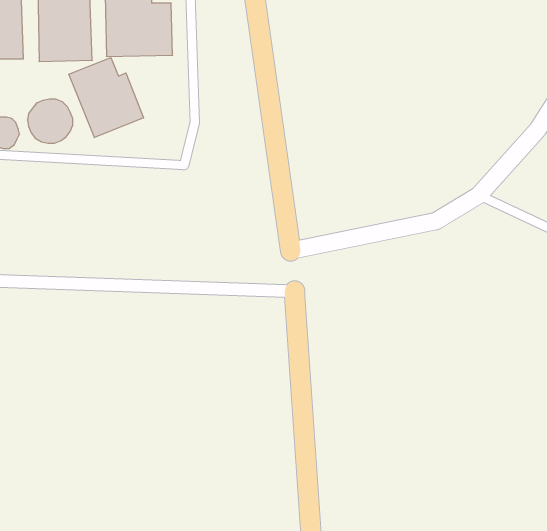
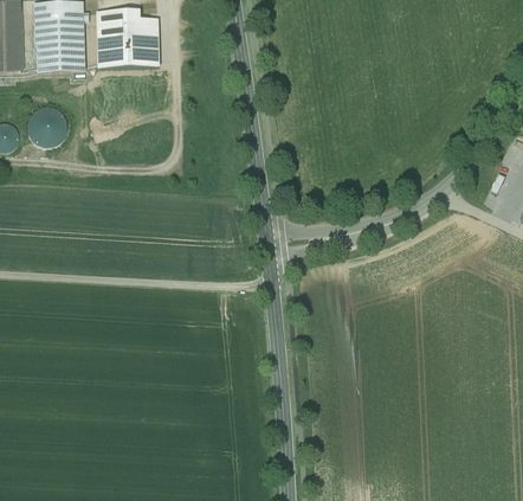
building: [69,58,144,138] -> none

